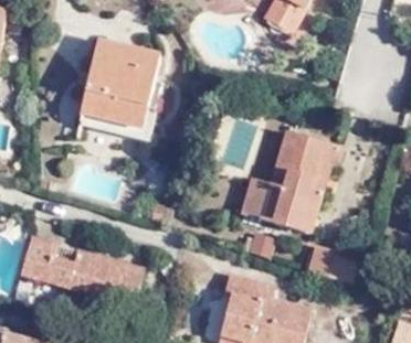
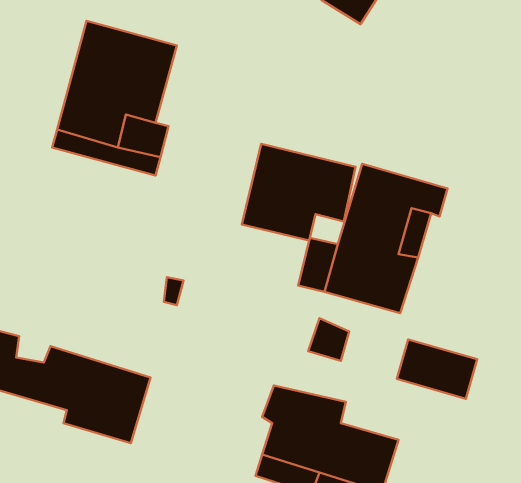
building: none -> [242,144,356,240]

